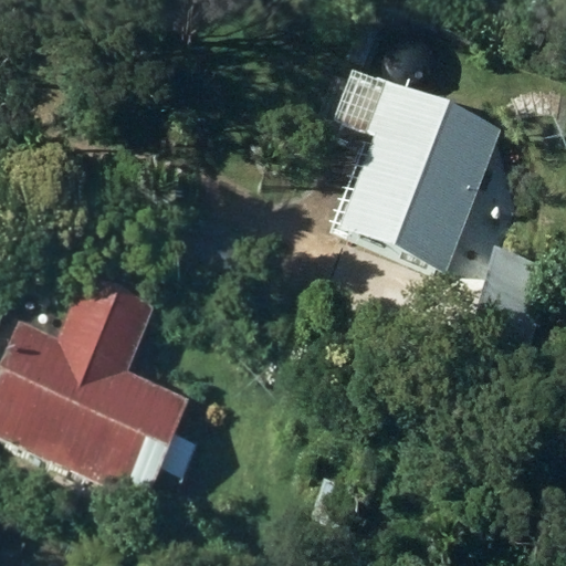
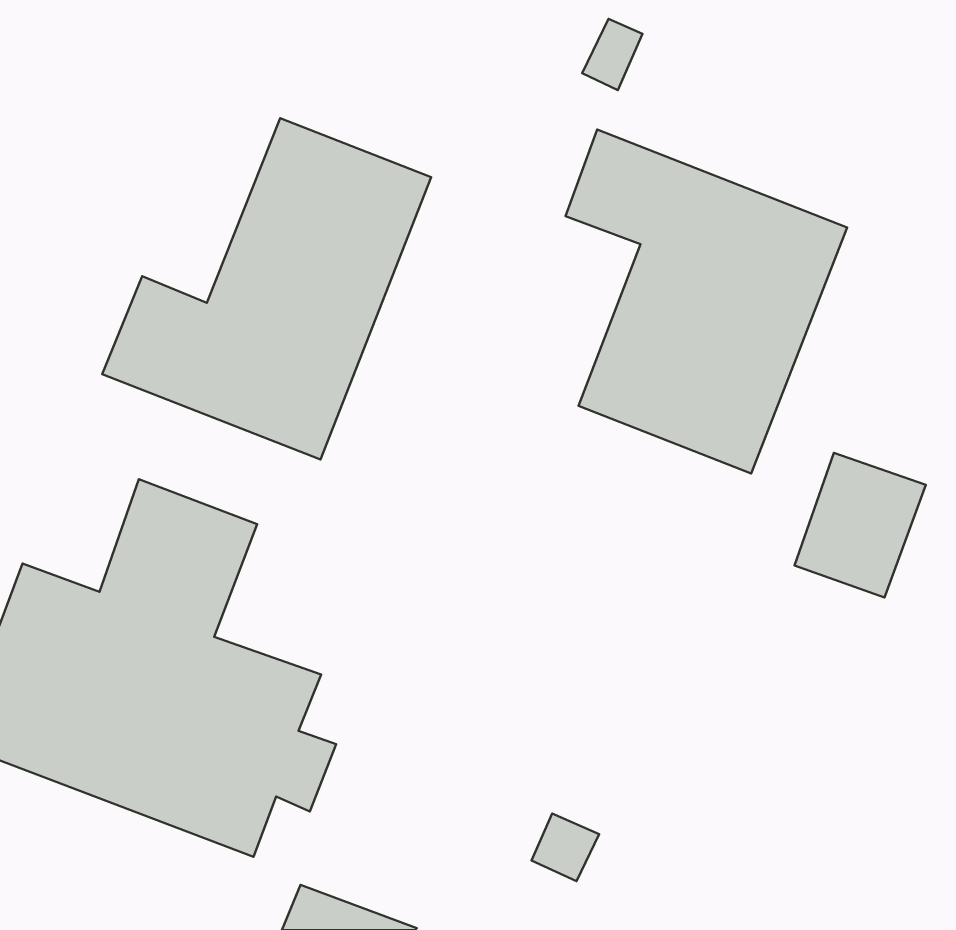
building: none -> [102,118,431,460]

